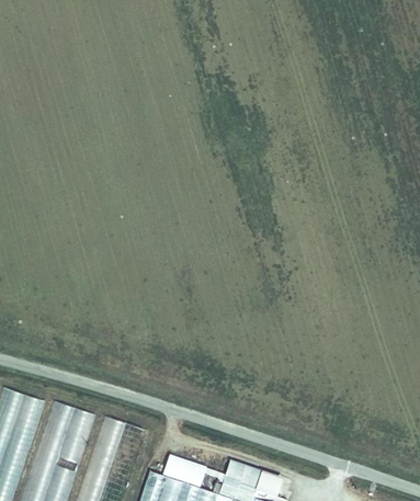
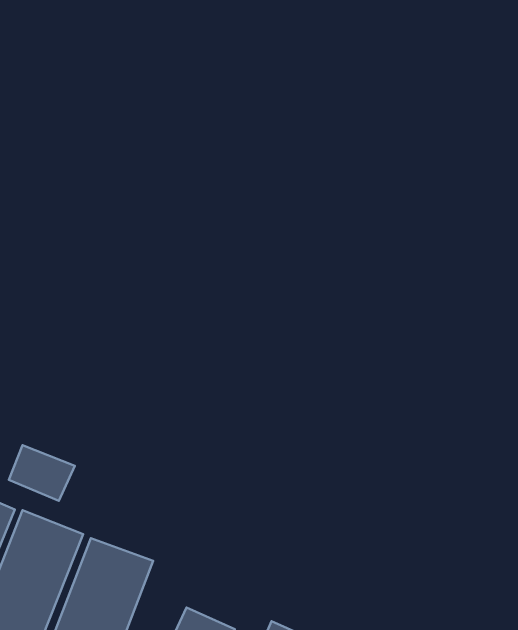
building: none -> [9,445,75,501]

